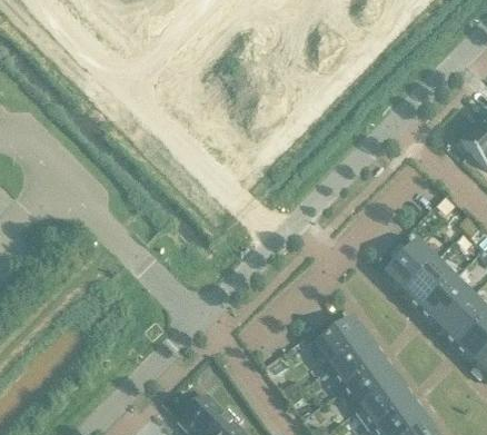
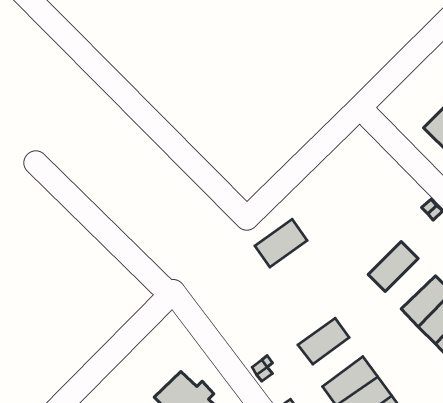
building: [384,239,437,291] -> none
building: [420,275,473,327] -> none
building: [314,315,368,365] -> [255,219,307,267]
building: [345,357,397,408] -> none

